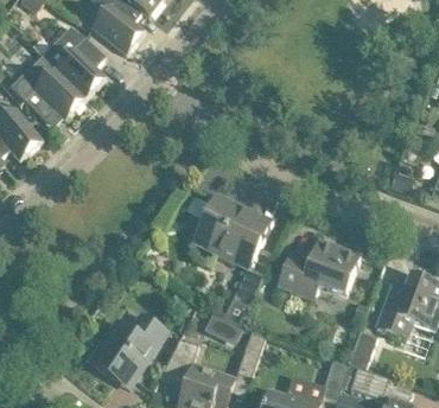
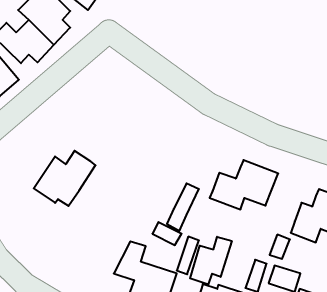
building: [192,192,272,262] -> none
building: [90,314,166,382] -> [34,151,96,206]
building: none -> [190,237,232,284]

